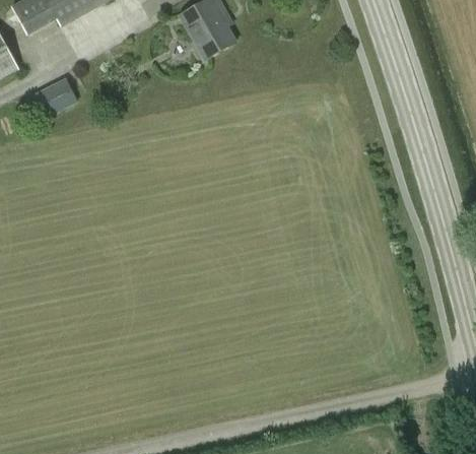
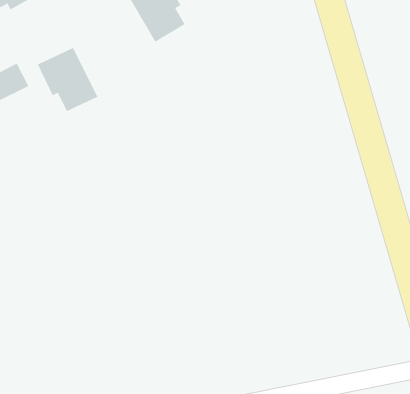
building: none -> [37,47,98,112]

